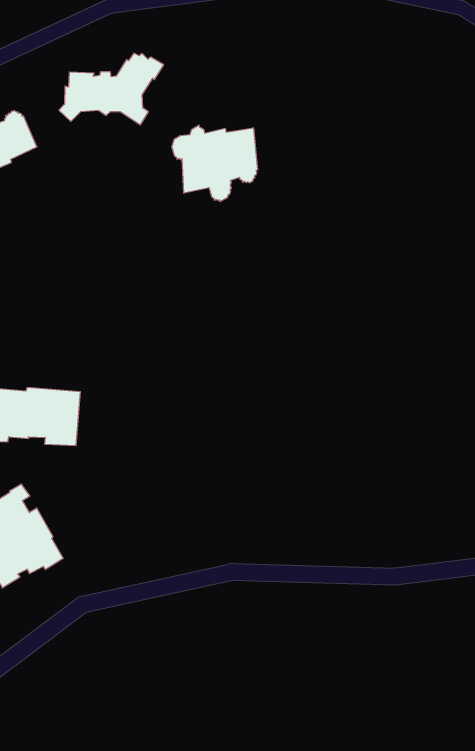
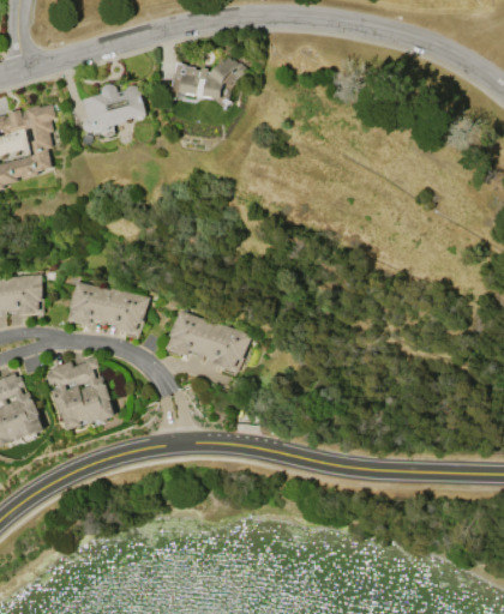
building: [172,125,257,202] -> none
building: none -> [163,311,248,373]

